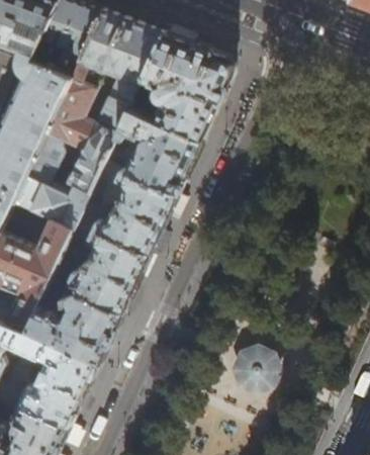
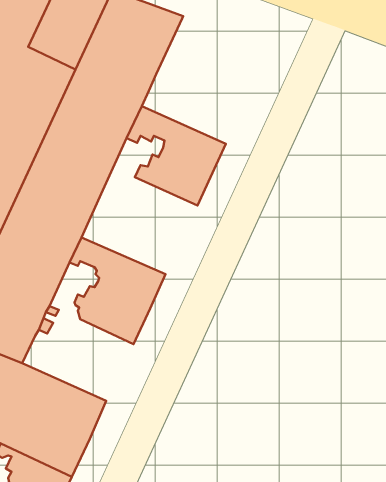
building: [126,35,230,143] -> none
building: [75,171,174,254] -> none
building: [24,292,119,362] -> none
building: [234,353,277,396] -> none

